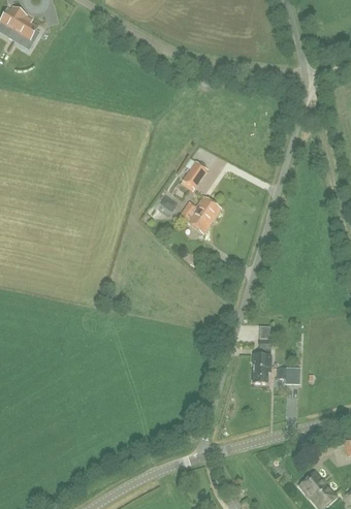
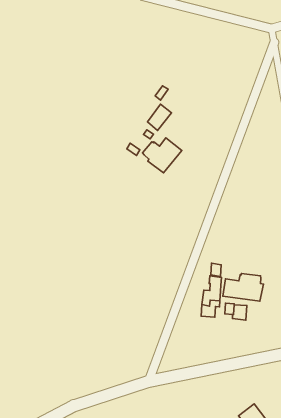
building: none -> [223,274,263,301]

